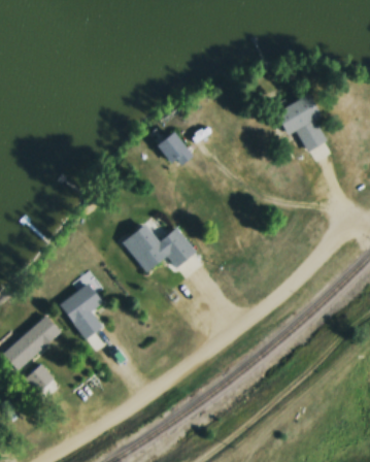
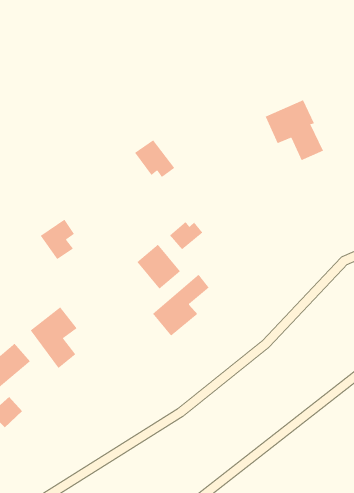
building: none -> [169,221,203,250]
building: [125,226,157,263] -> [40,219,75,260]
building: none -> [152,274,209,336]

